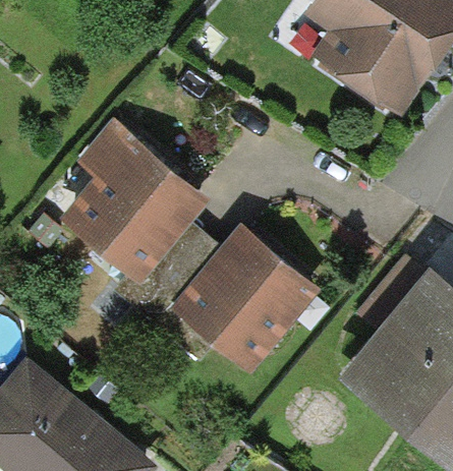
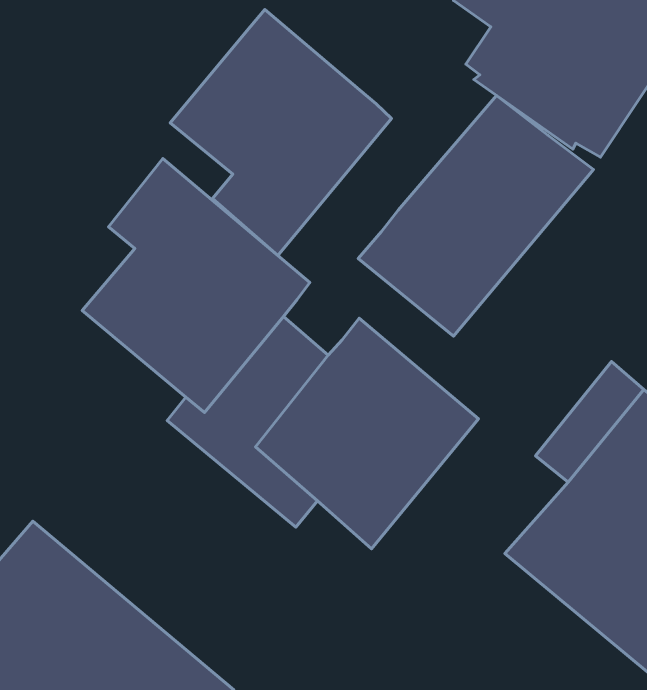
building: none -> [170,9,391,256]
building: none -> [358,96,593,336]

